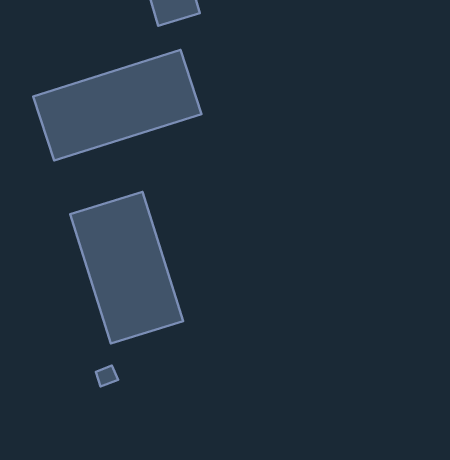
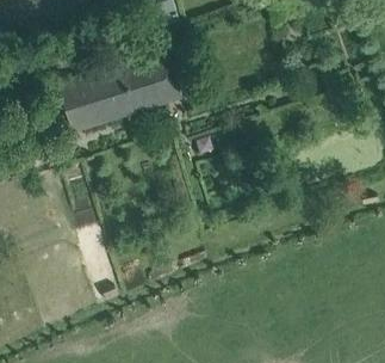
building: [70,192,183,344] -> none

